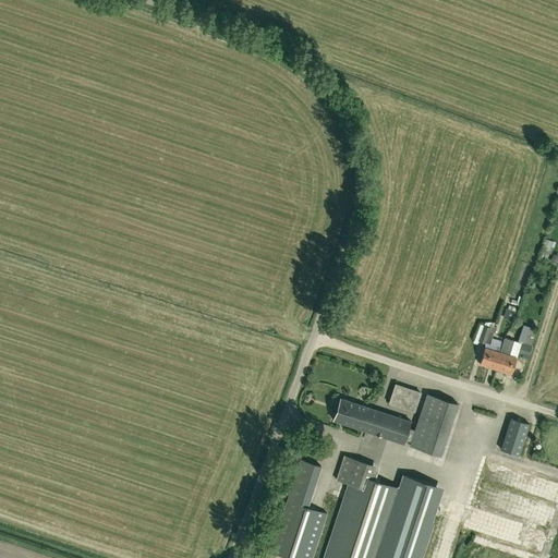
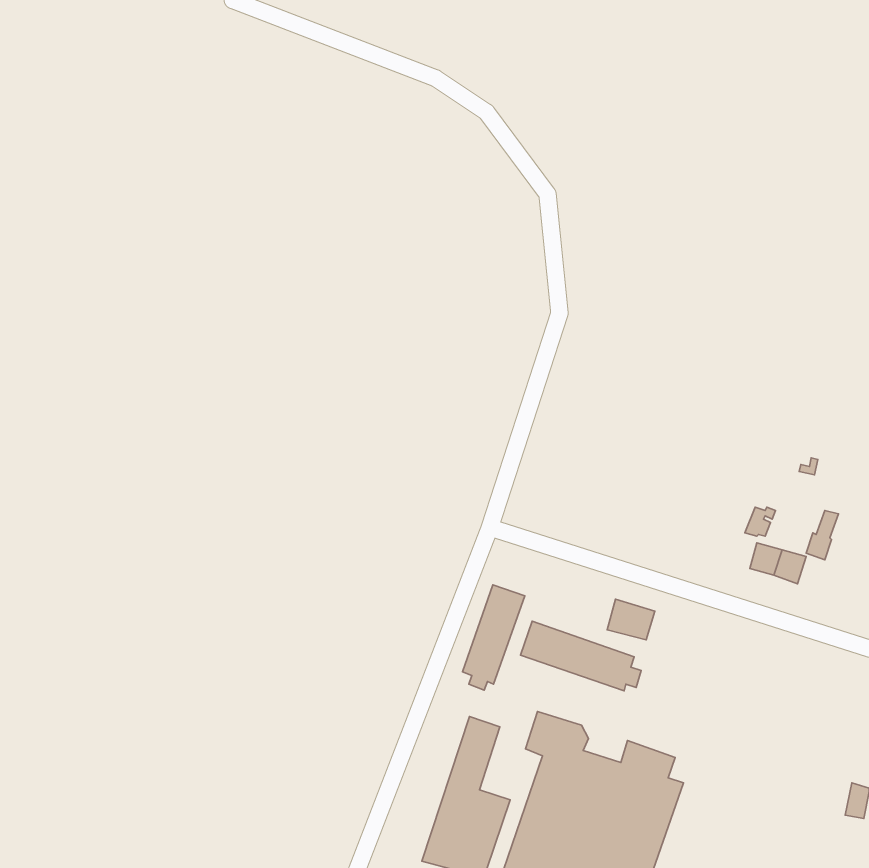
building: none -> [463,585,525,690]
building: [409,389,459,450] -> none
building: [501,418,530,456] -> none

